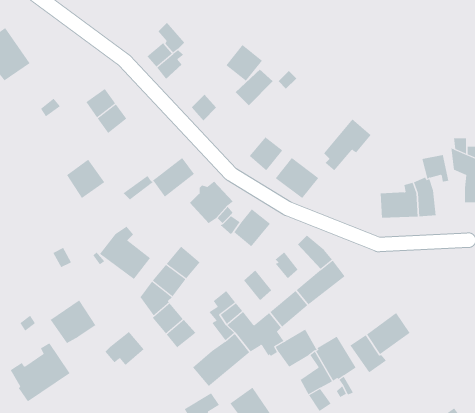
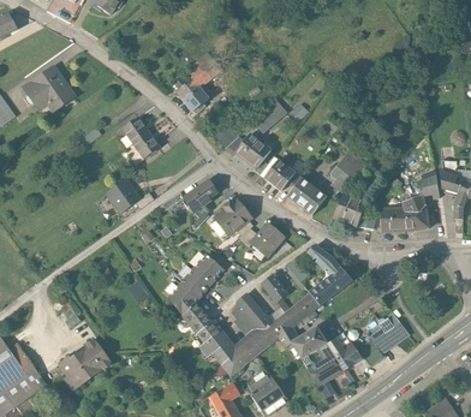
building: [225,44,263,82] -> [239,135,272,167]
building: none -> [333,195,366,225]
building: [99,226,151,280] -> none
building: [50,299,96,344] -> none
building: [104,331,144,366] -> [198,329,233,359]

